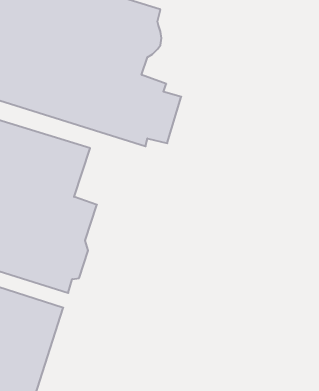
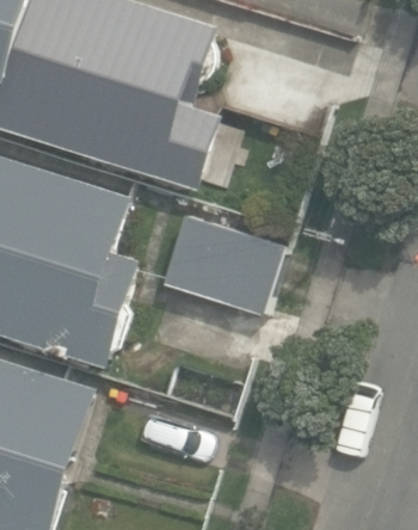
building: none -> [160,214,283,316]

